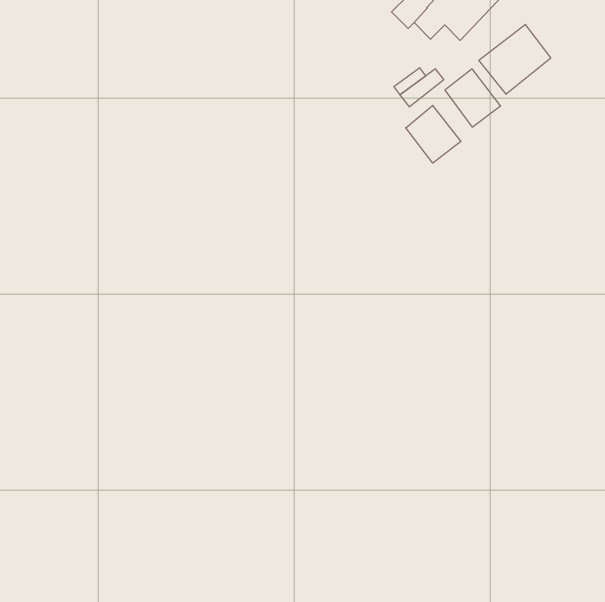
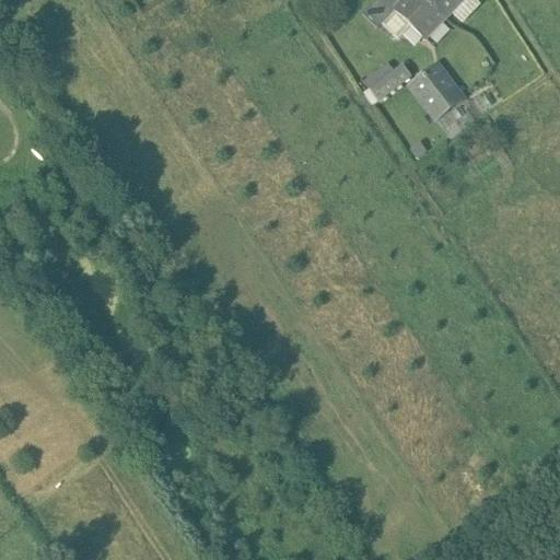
building: [479,24,551,94] -> none
building: [406,105,461,163] -> none

